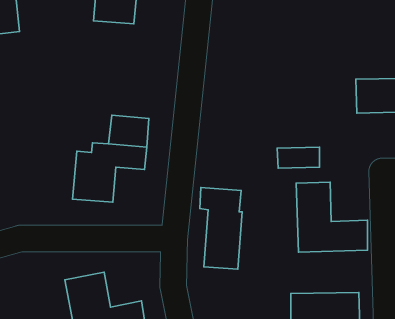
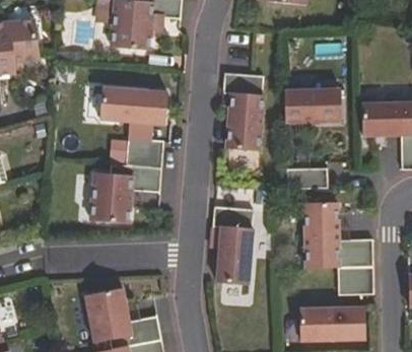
building: none -> [222,73,263,151]
building: none -> [99,87,167,125]
building: none -> [284,89,341,123]
building: none -> [338,267,373,295]

